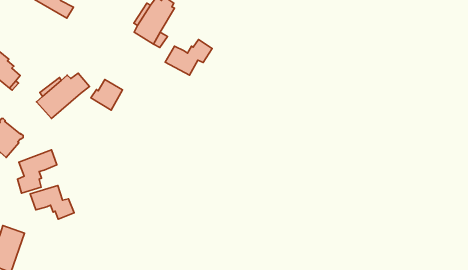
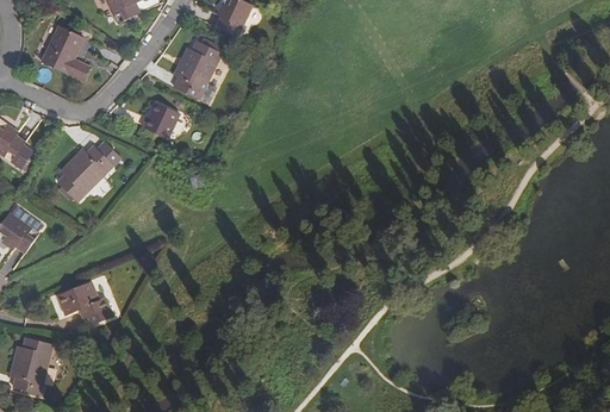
building: [165,39,212,75] -> none
building: [91,80,122,110] -> [142,102,180,139]
building: [18,150,57,193] -> none

